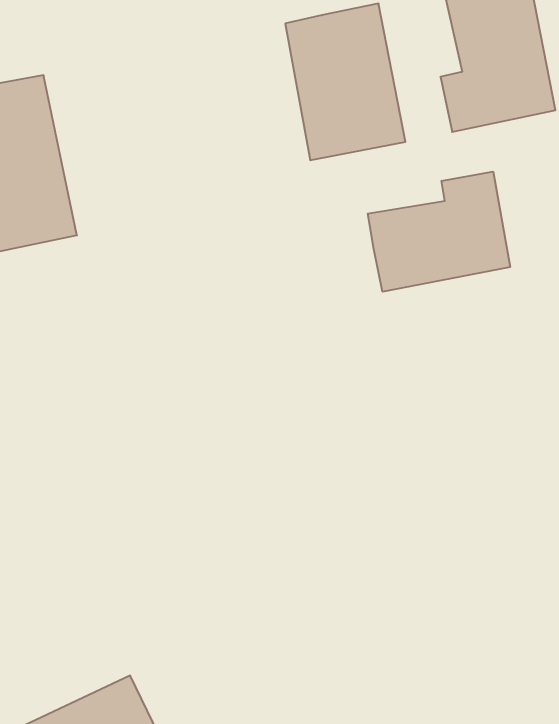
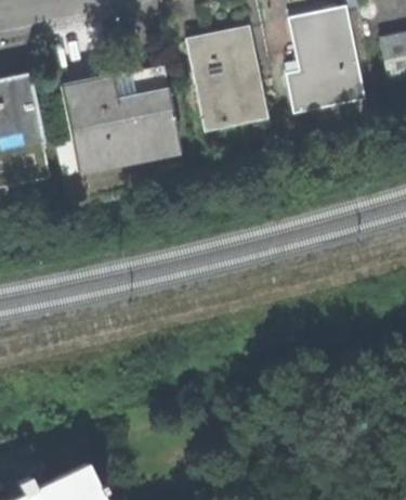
building: none -> [56,65,182,202]
building: [368,172,510,292] -> none

